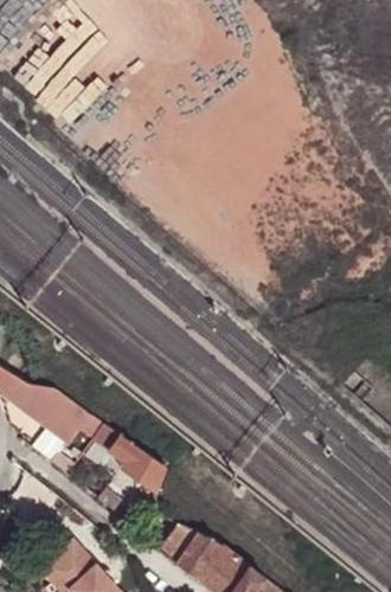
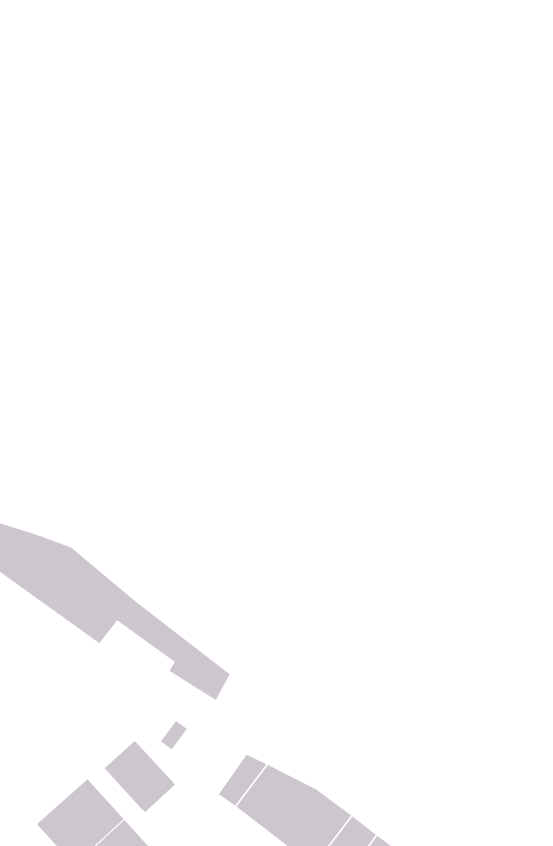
building: none -> [104,740,176,813]

